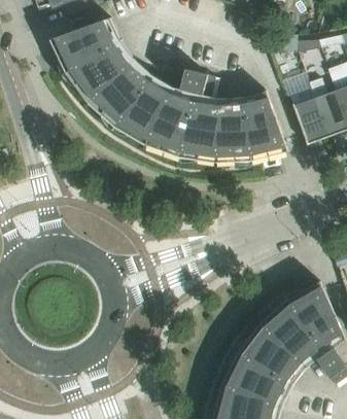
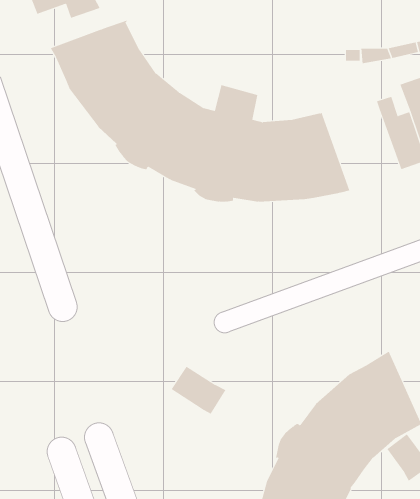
building: [290,88,329,144] -> none
building: none -> [171,366,226,415]

